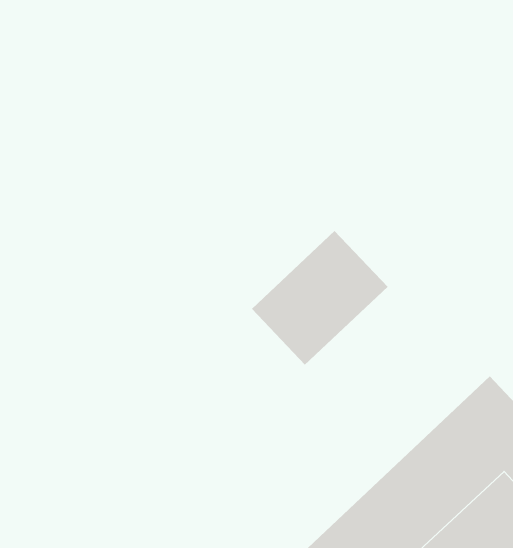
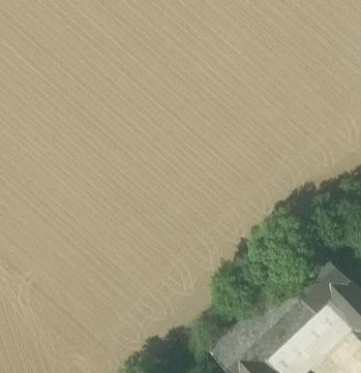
building: [251,230,389,366] -> none

